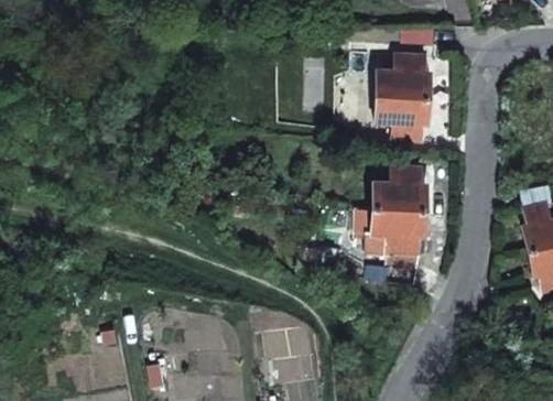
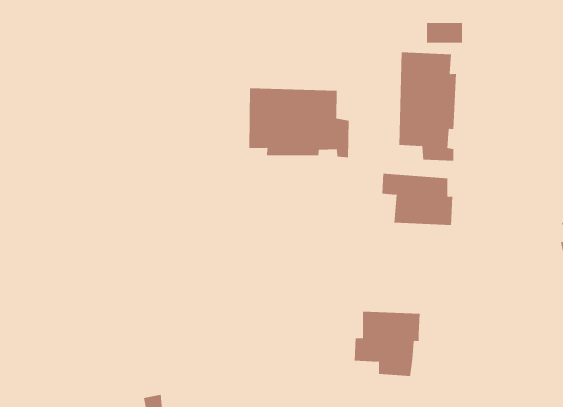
building: none -> [249,87,349,158]
building: [365,209,425,269] -> [354,311,421,377]

